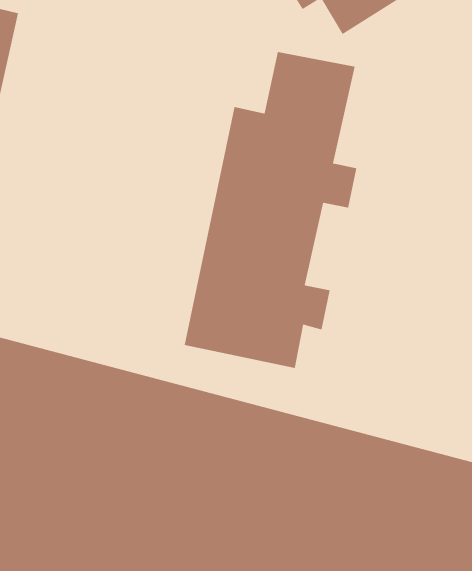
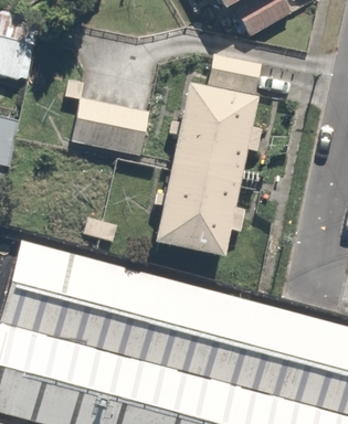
building: none -> [66,76,152,159]

